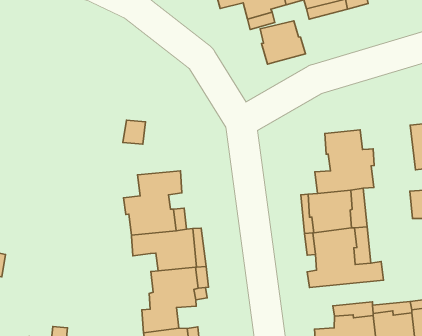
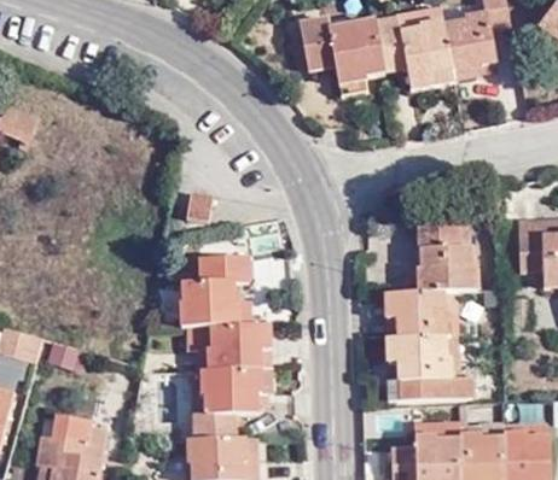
building: [260,21,306,64] -> none

